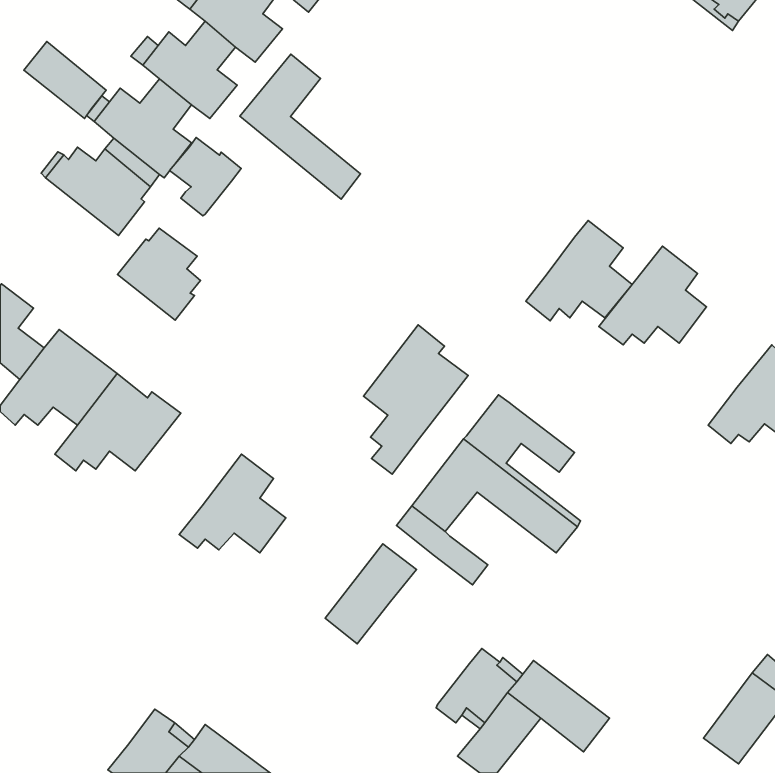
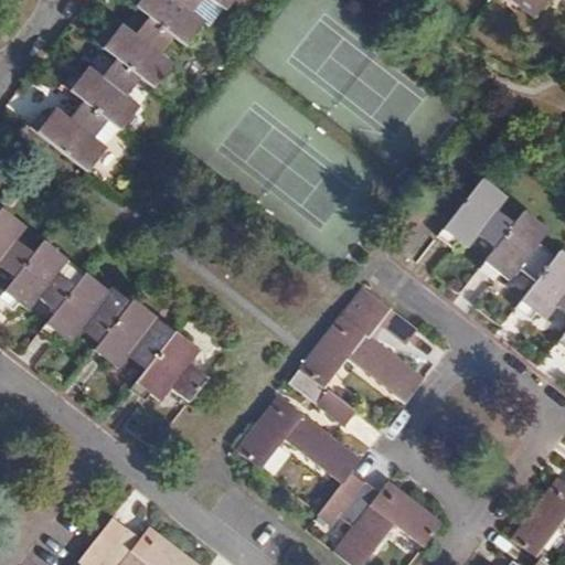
building: [24,42,106,118] -> none
building: [240,54,360,199] -> none
building: [170,138,241,216] -> none
building: [526,221,632,321] -> [479,211,556,284]
building: [117,228,200,320] -> none
building: [364,325,468,474] -> none
building: none -> [89,297,178,367]
building: none -> [285,414,361,482]

